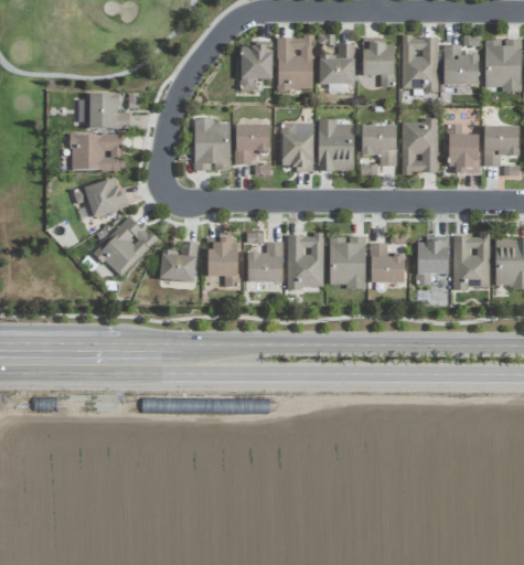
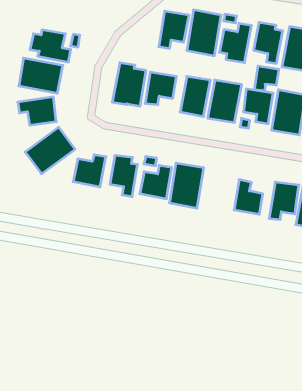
building: none -> [254,66,279,91]
building: [329,237,365,289] -> none

